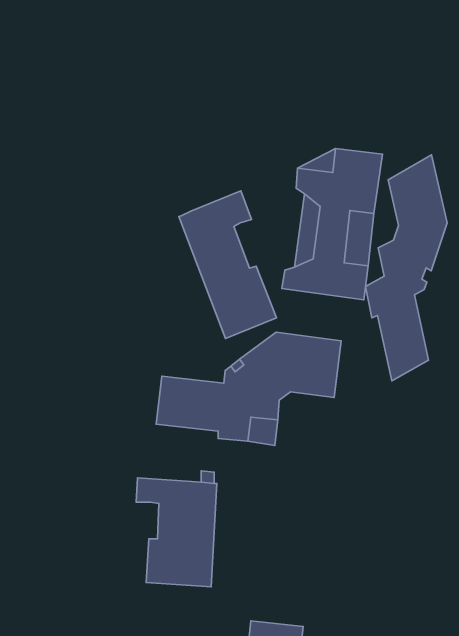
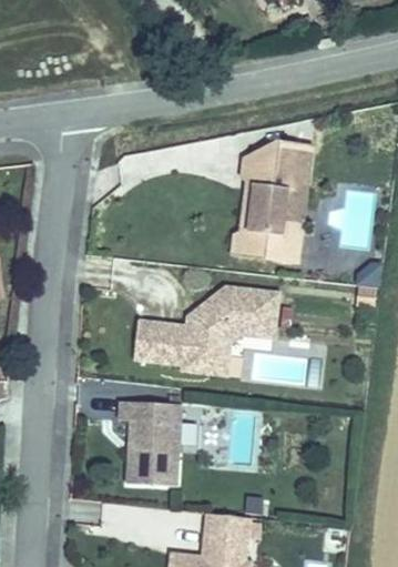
building: [366,155,447,381] -> none
building: [179,191,276,338] -> none

